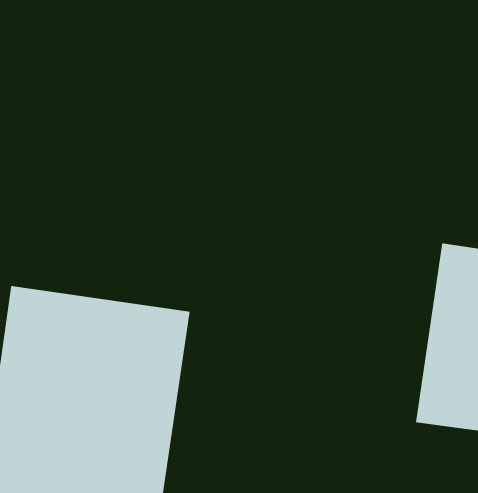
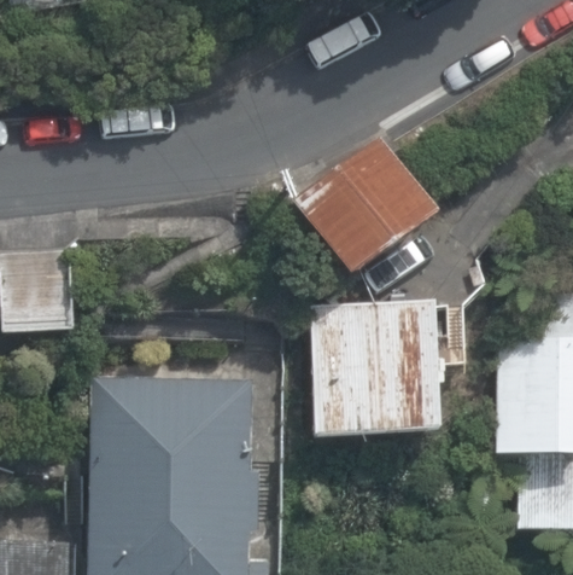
building: none -> [297,134,435,273]
building: none -> [311,304,440,437]

